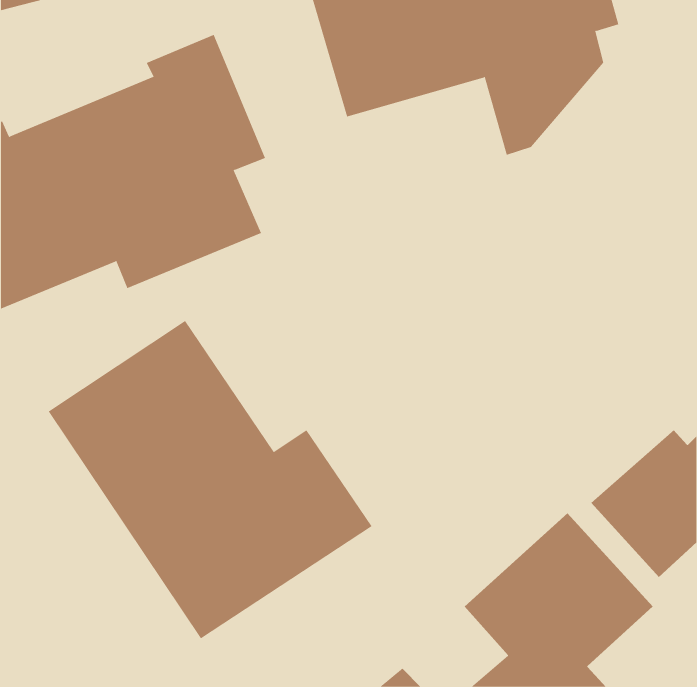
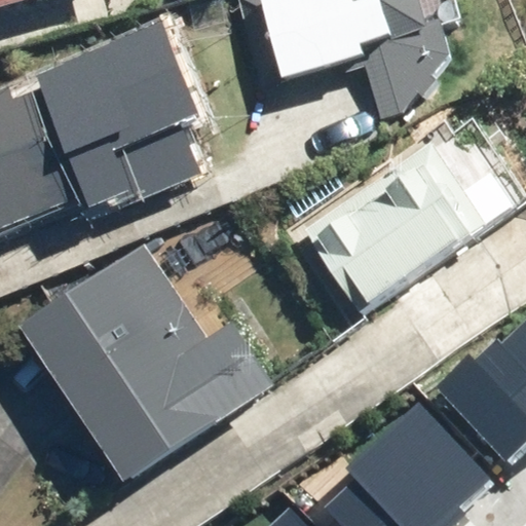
building: none -> [298,139,490,316]

